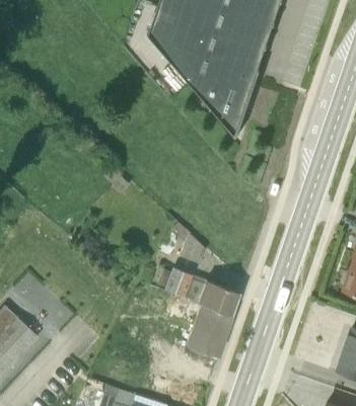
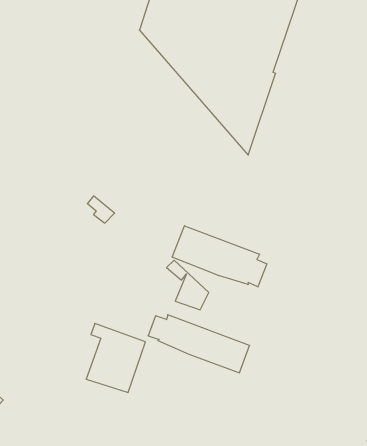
building: none -> [172,226,267,287]
building: [183,300,231,356] -> [86,323,145,393]

